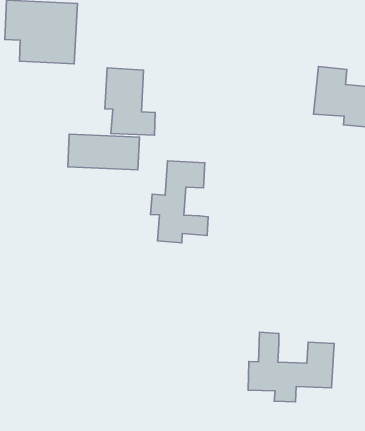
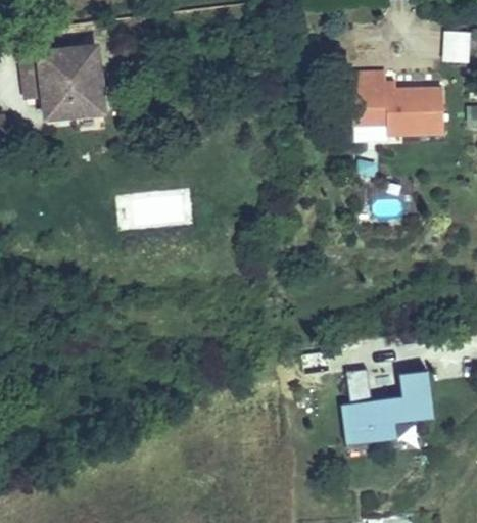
building: [105,68,155,135] -> none
building: [151,161,208,243] -> none

